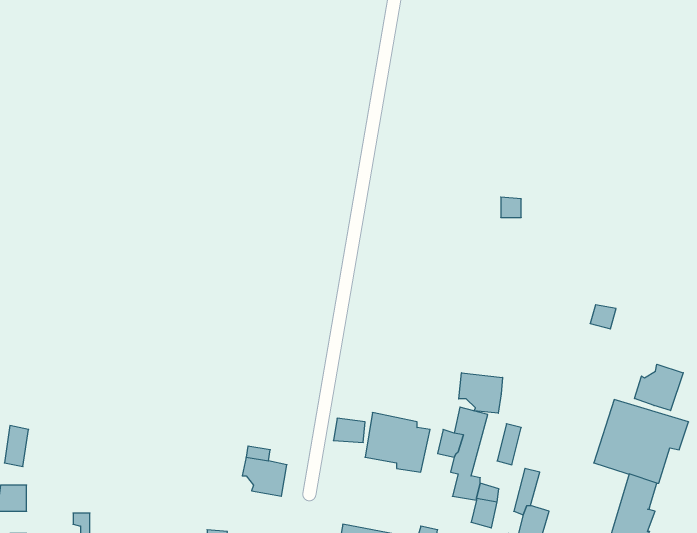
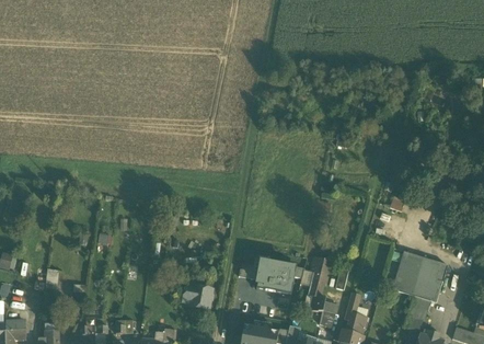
building: [635,364,683,411] -> none
building: [459,373,503,413] -> none

